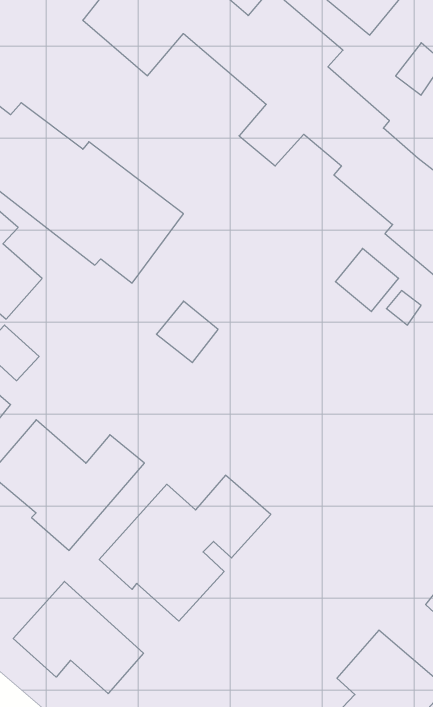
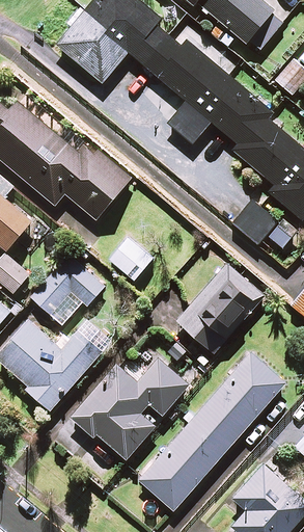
building: none -> [32,256,105,324]
building: none -> [177,264,264,353]
building: none -> [139,352,285,510]
building: [13,581,143,694] -> none

